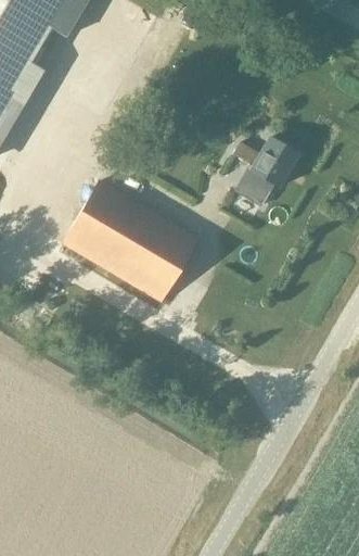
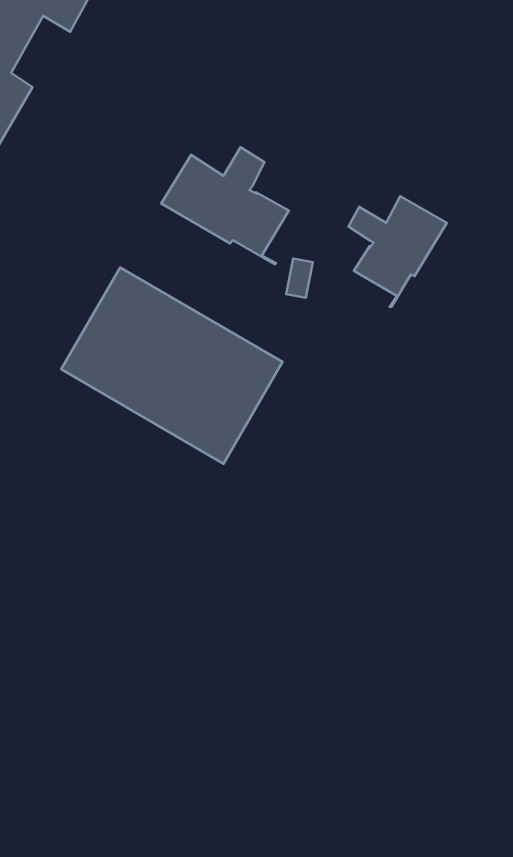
building: none -> [161,147,289,264]

